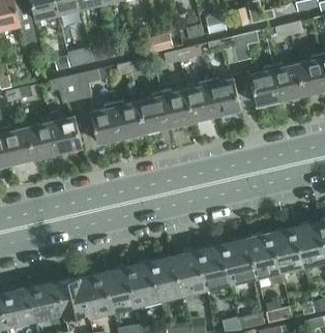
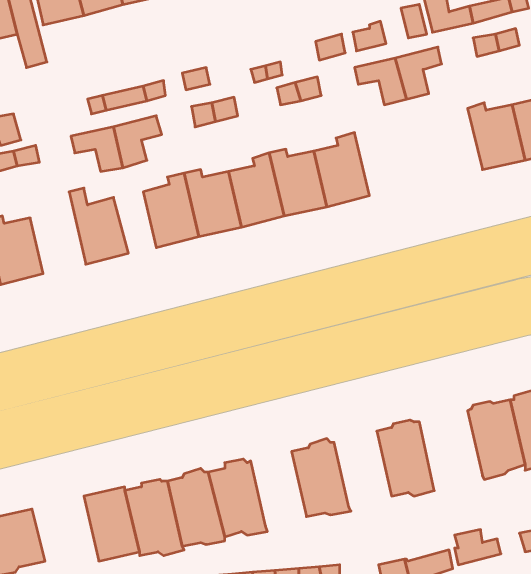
building: [249,66,280,107] -> none
building: [209,78,241,115] -> none
building: [28,117,59,158] -> none
building: [248,235,283,282] -> none
building: [198,245,231,289] -> none
building: [151,256,183,299] -> none
building: [29,282,66,321] -> none

